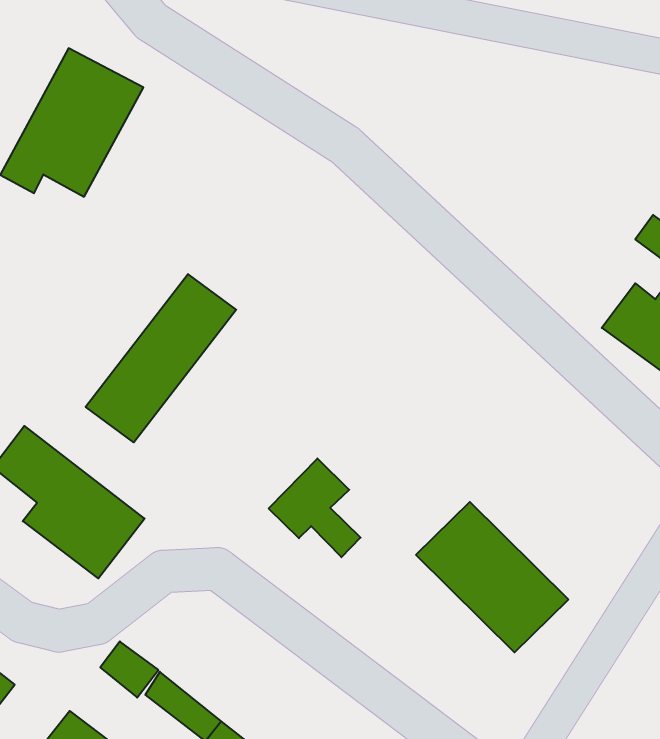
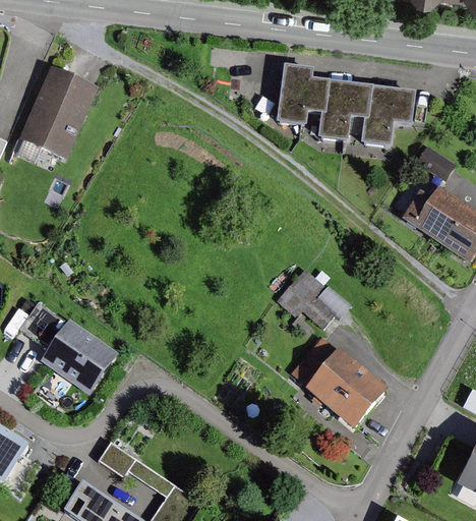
building: none -> [277,65,416,147]
building: [86,274,236,442] -> none
building: [269,458,361,557] -> [276,266,335,327]

